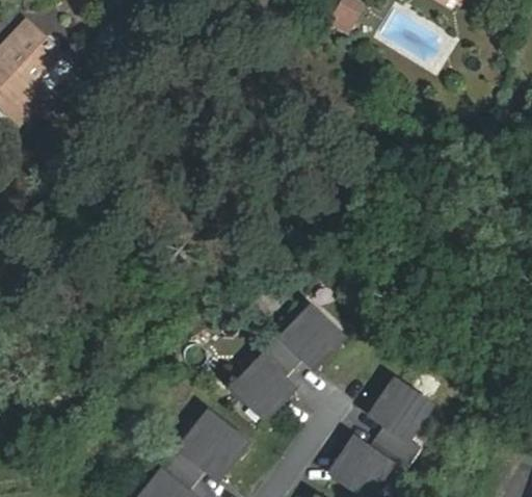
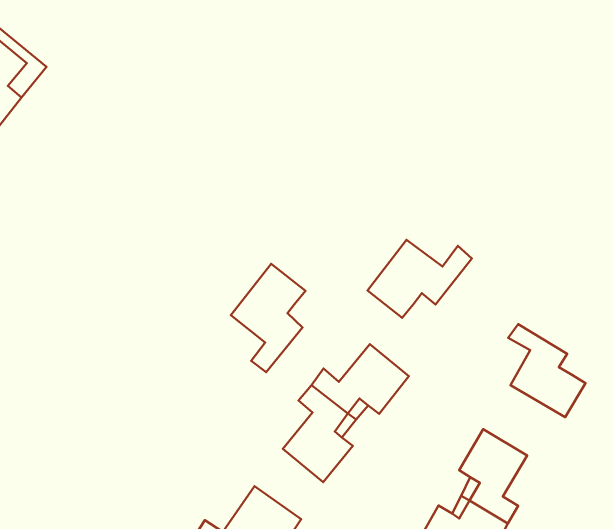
building: none -> [368,240,472,318]
building: none -> [231,264,306,372]
building: none -> [508,324,586,417]

